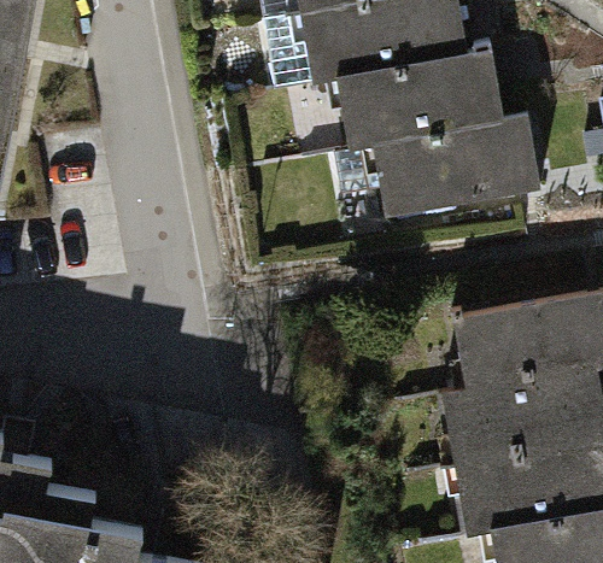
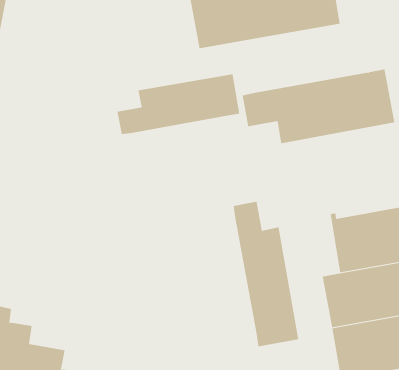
building: [336,42,504,149] -> none
building: none -> [117,73,240,135]
building: none -> [233,201,299,347]

